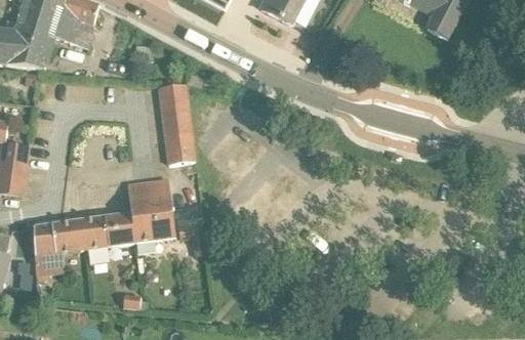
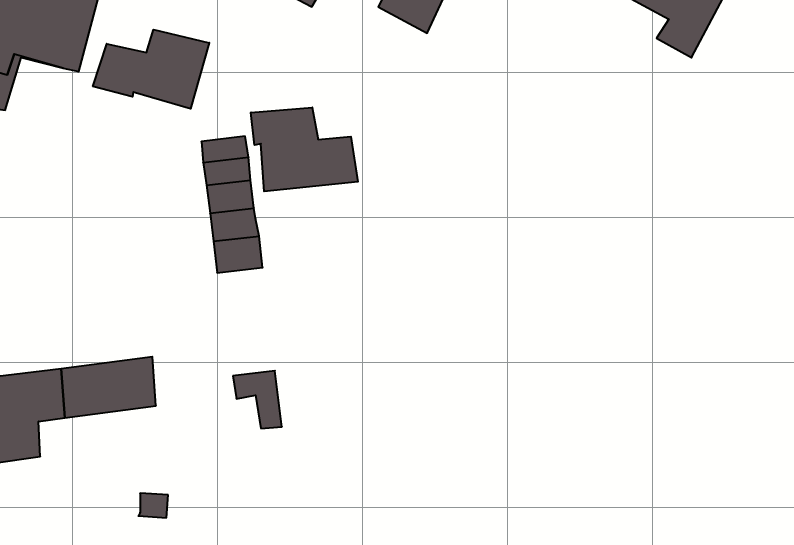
building: none -> [93,30,209,109]
building: none -> [251,107,358,191]
building: [126,178,174,241] -> none

